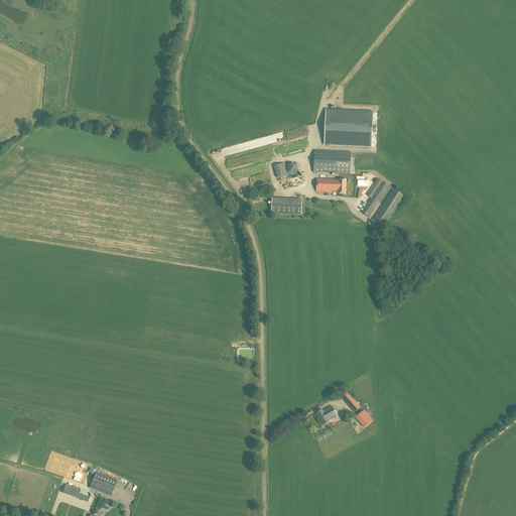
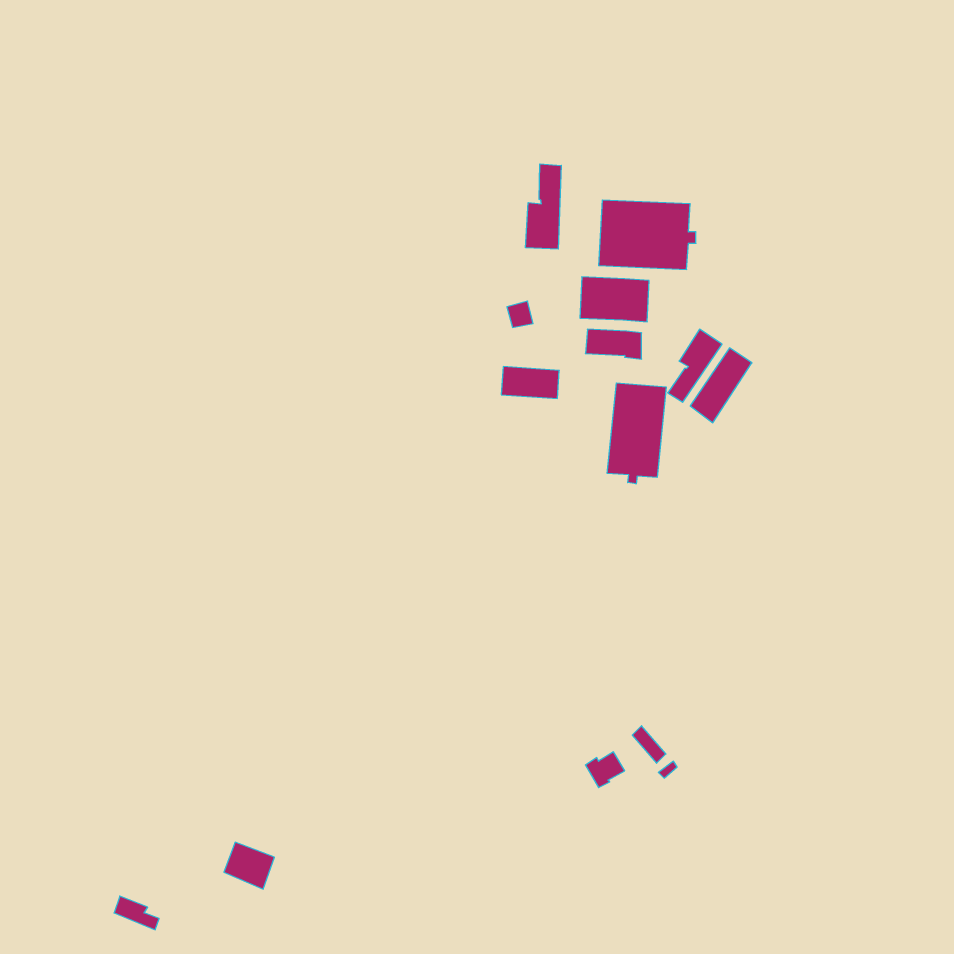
building: none -> [526,164,561,249]
building: none -> [607,383,666,484]
building: [89,471,116,496] -> [224,842,274,889]

